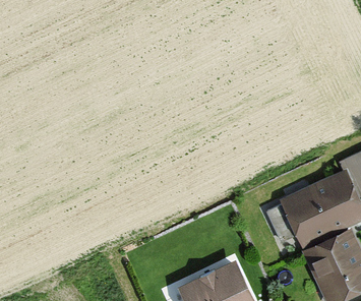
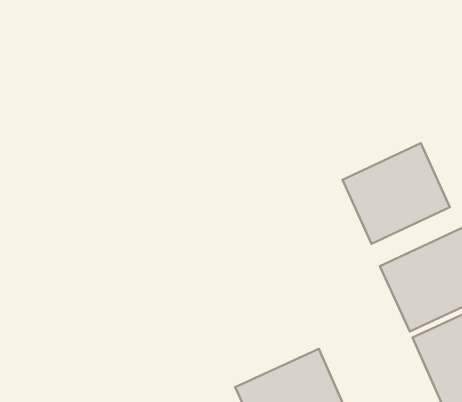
building: none -> [342,143,450,244]

